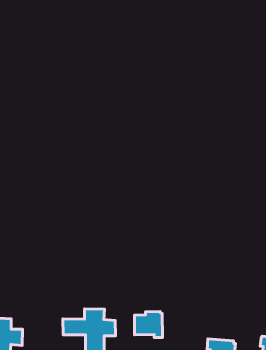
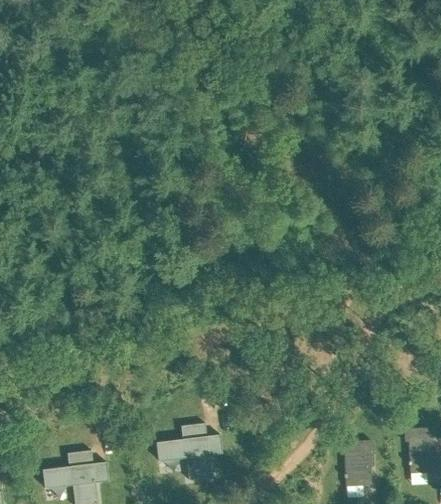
building: [134,311,162,338] -> none

